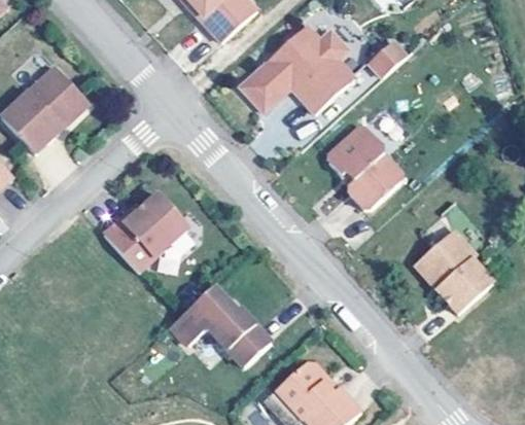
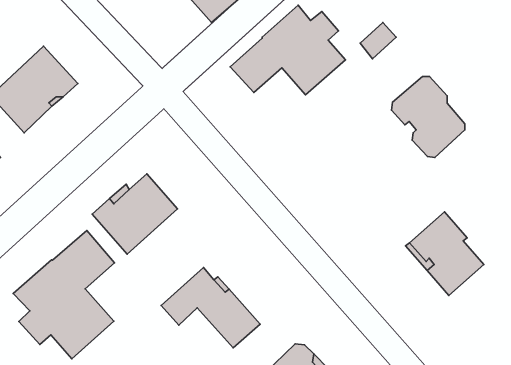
building: [327,128,400,209] -> [391,76,465,158]
building: none -> [13,230,115,359]

